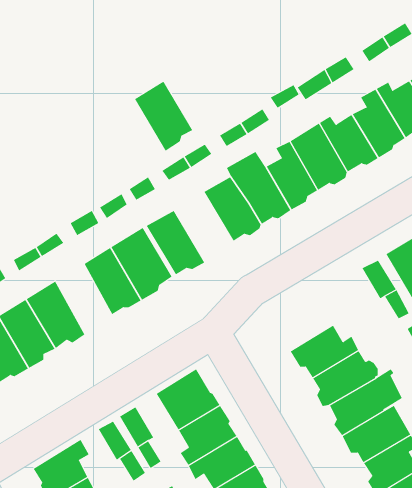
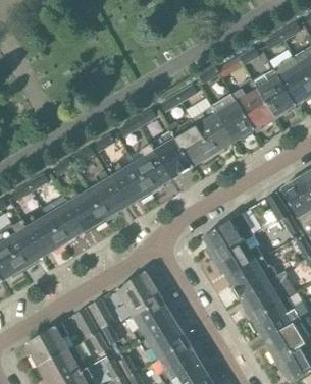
building: [134,81,193,151] -> [127,144,170,195]
building: none -> [42,196,83,246]
building: none -> [202,214,252,259]

